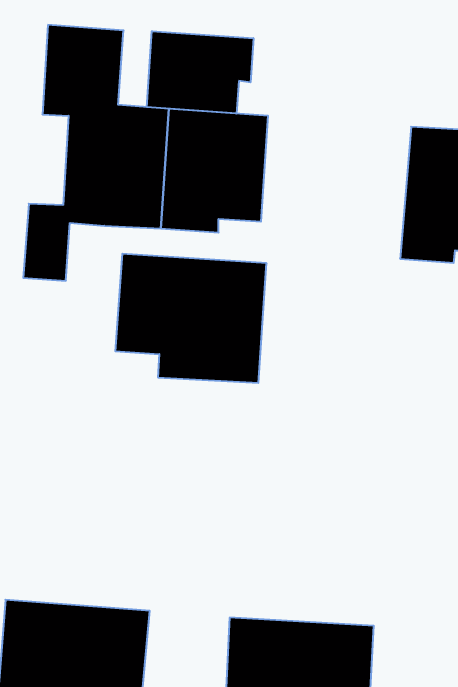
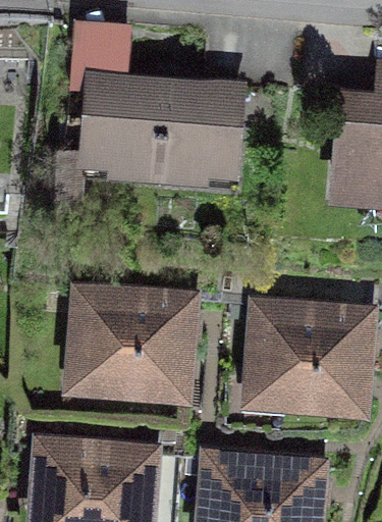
building: [147,31,253,114] -> none
building: [115,254,267,383] -> [77,293,189,388]
building: none -> [242,307,368,410]

